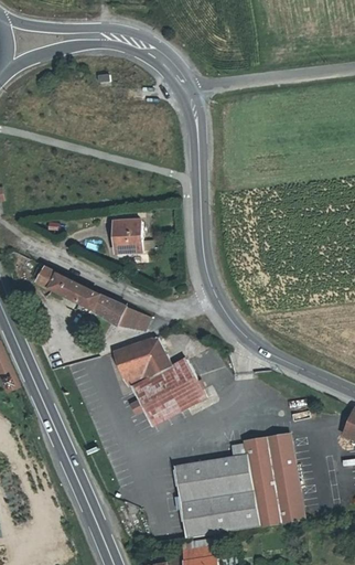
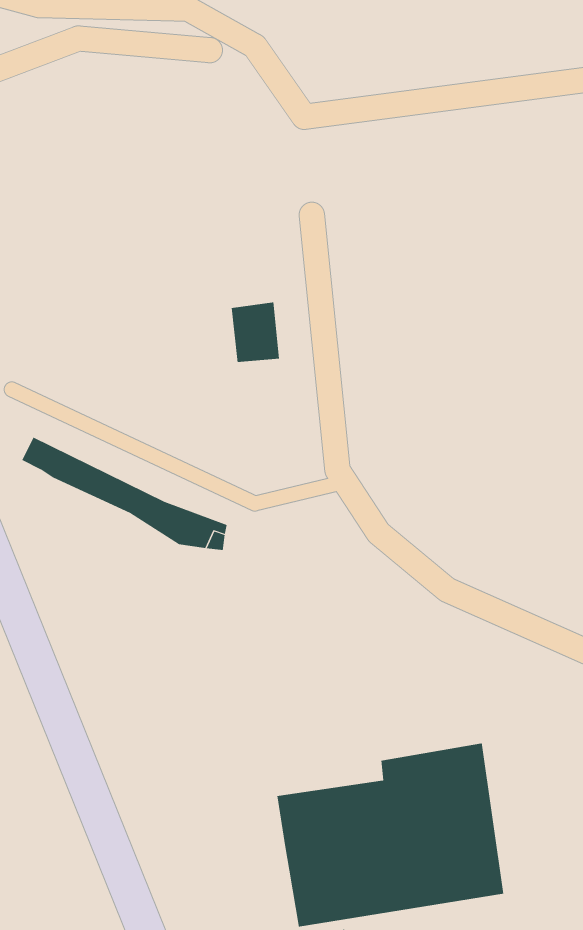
building: [114,224,141,258] -> [231,302,280,363]
building: [117,338,207,426] -> none

